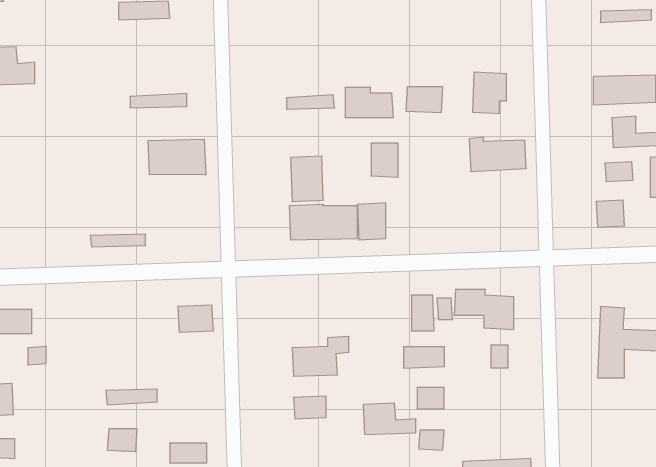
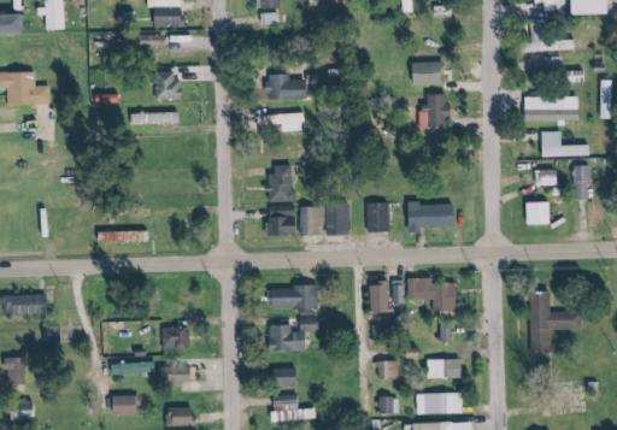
building: none -> [155,71,183,98]
building: [406,87,443,112] -> [413,61,445,83]
building: [345,88,393,117] -> [266,73,307,99]
building: [469,137,526,171] -> [407,200,456,229]
building: [148,139,206,175] -> none
building: [371,143,398,177] -> [365,202,388,231]
building: none -> [272,285,317,308]
building: [178,305,213,332] -> [160,325,190,348]
building: [403,347,445,368] -> [425,359,460,377]
building: none -> [159,365,192,385]
building: [363,403,416,434] -> [271,394,316,420]
building: none -> [417,391,459,413]

